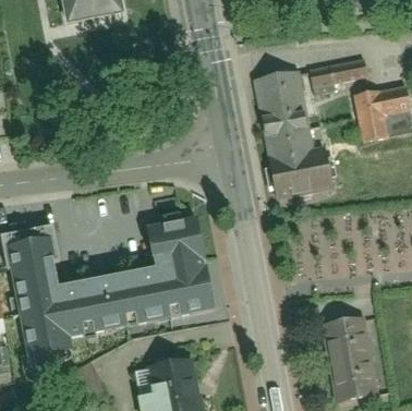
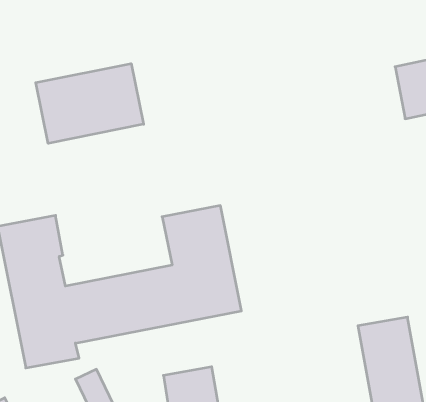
building: [310,56,366,85] -> none
building: [253,69,334,198] -> none
building: none -> [36,64,144,143]

